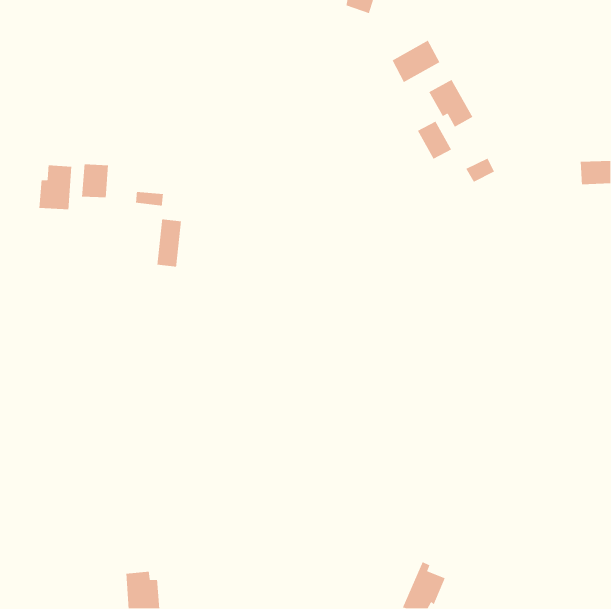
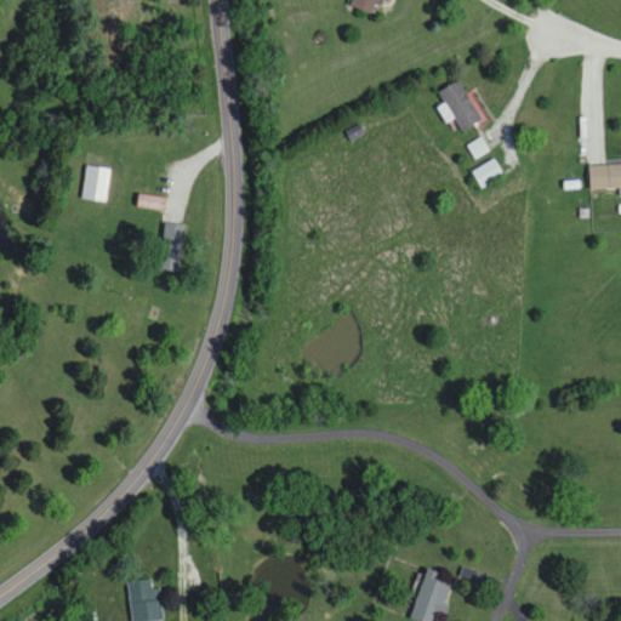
building: [391,39,440,83] -> none
building: [417,120,452,160] -> none
building: [39,165,72,210] -> none

